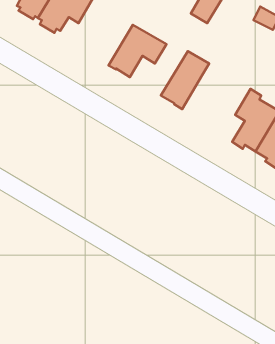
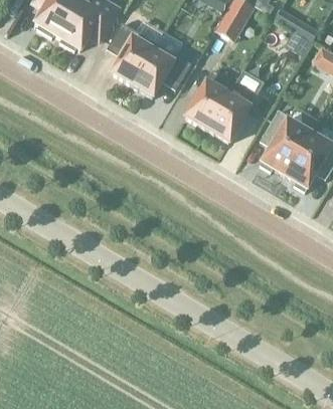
building: none -> [111,22,157,84]
building: none -> [208,69,265,142]

